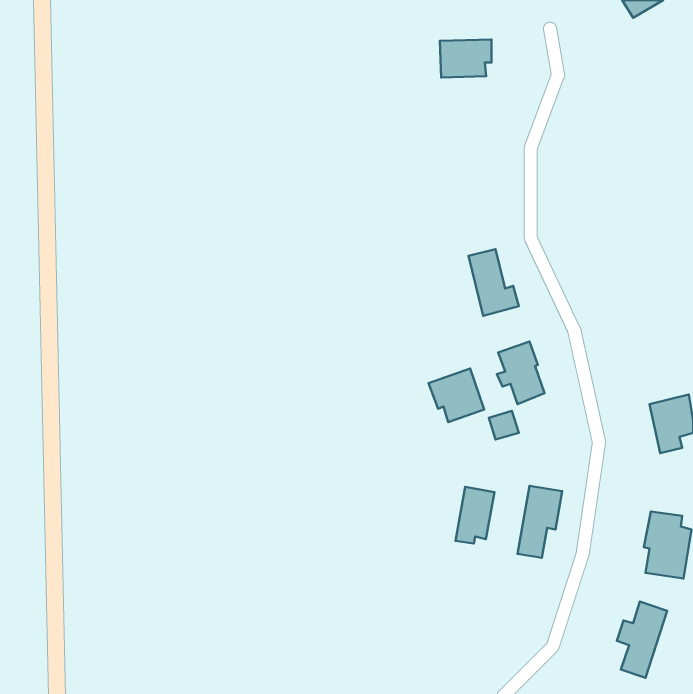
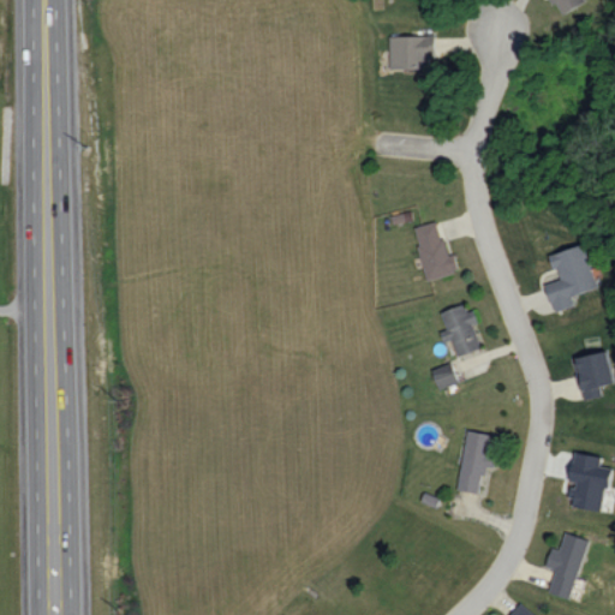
building: none -> [545,245,597,312]
building: [429,369,484,422] -> none
building: [456,487,494,543] -> none

